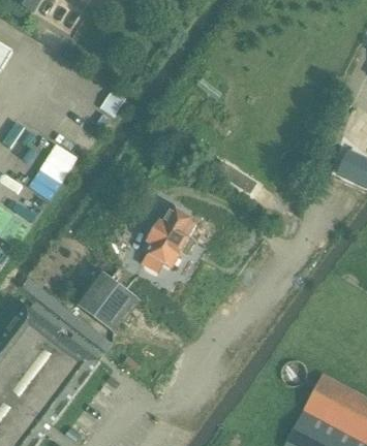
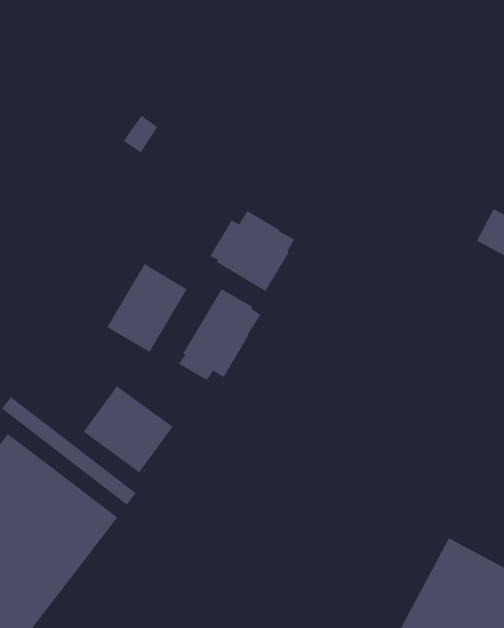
building: none -> [209,210,295,292]
building: none -> [106,263,188,353]

